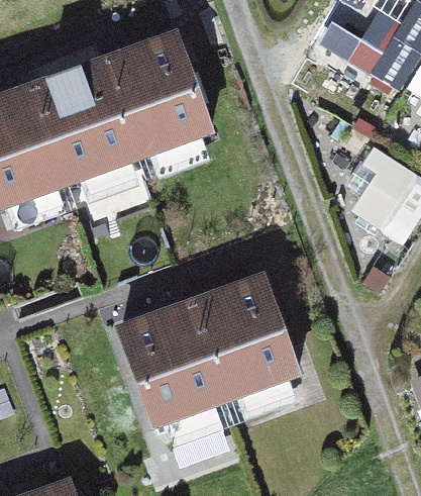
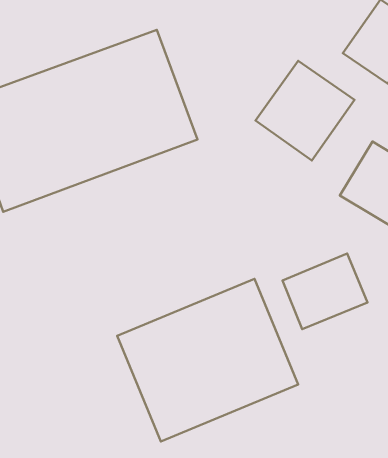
building: none -> [255,61,354,161]
building: none -> [283,254,367,329]

